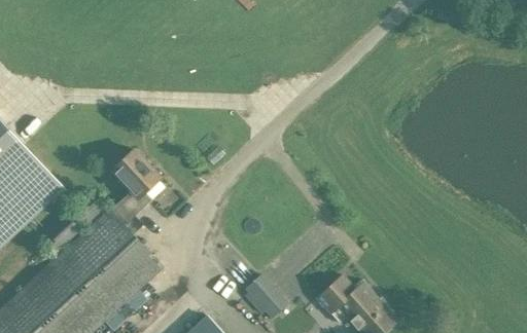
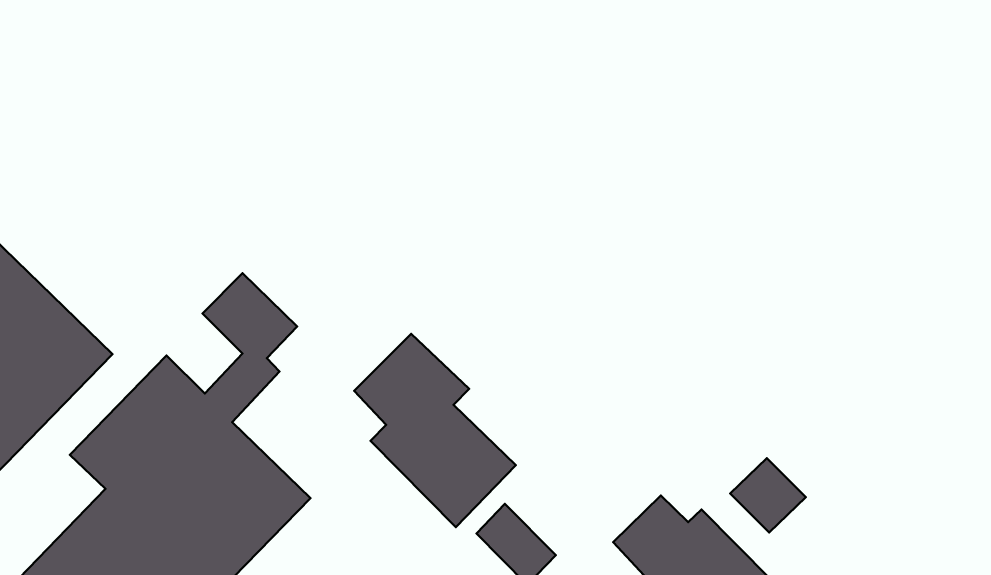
building: none -> [354,334,516,527]
building: none -> [730,458,806,533]

